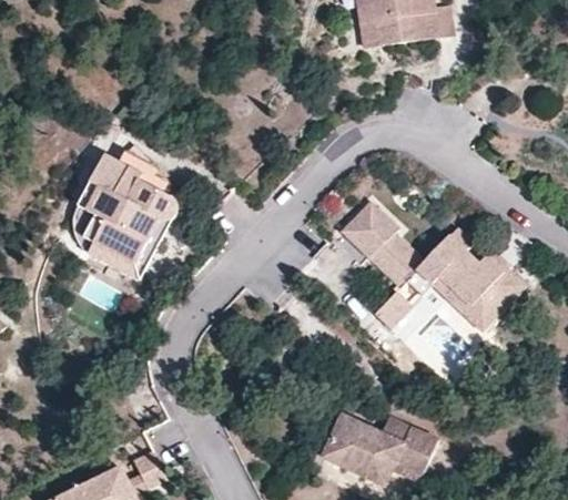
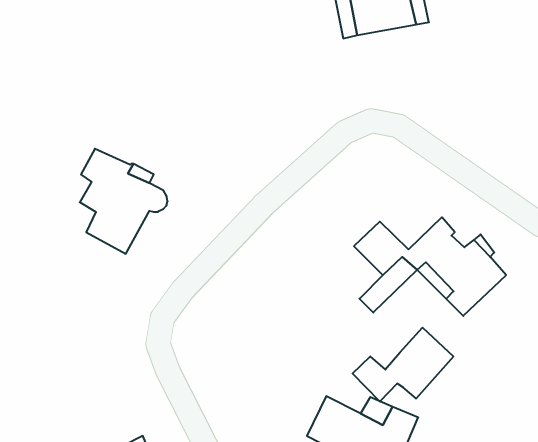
building: [72,183,168,282] -> none
building: [339,197,399,257] -> none
building: none -> [353,328,453,402]

